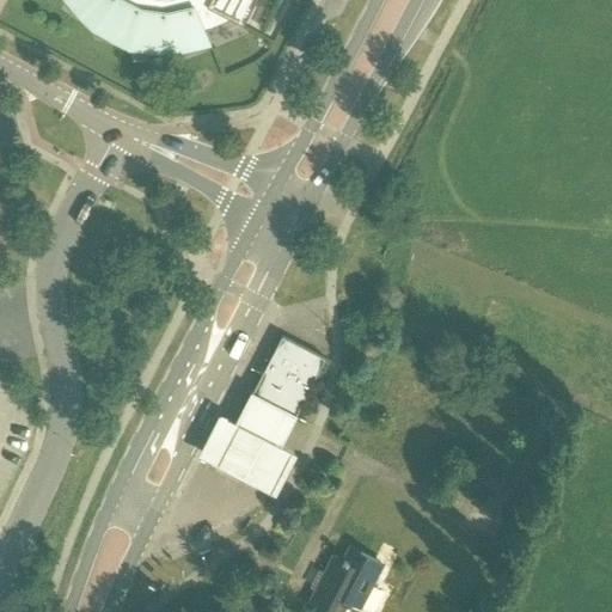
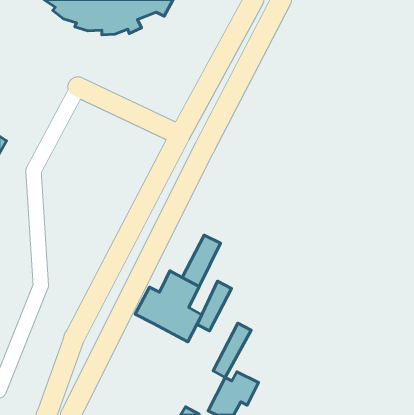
building: [250,335,300,408] -> [197,281,231,331]
building: none -> [213,323,251,378]

